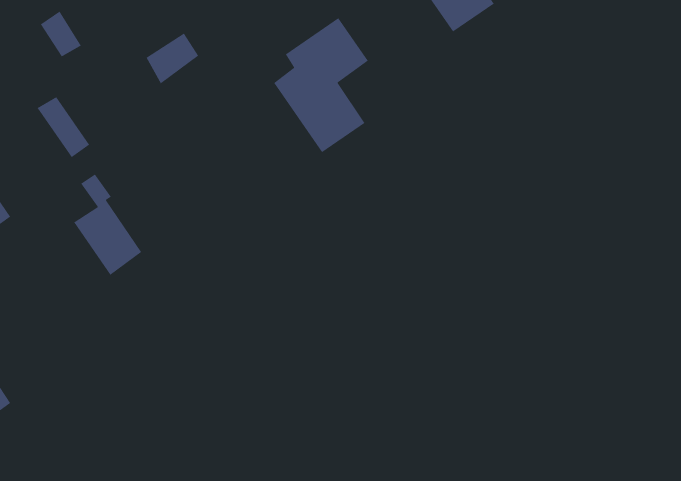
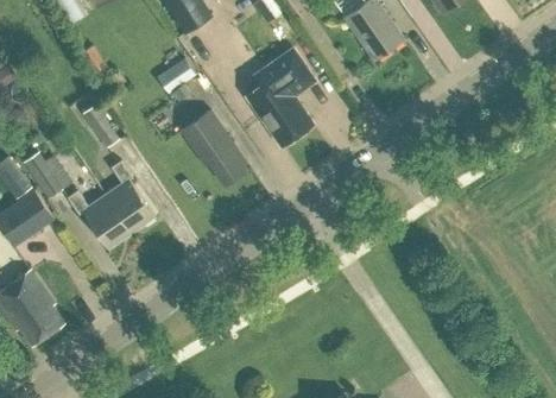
building: none -> [182,109,246,184]
building: none -> [68,189,132,248]

